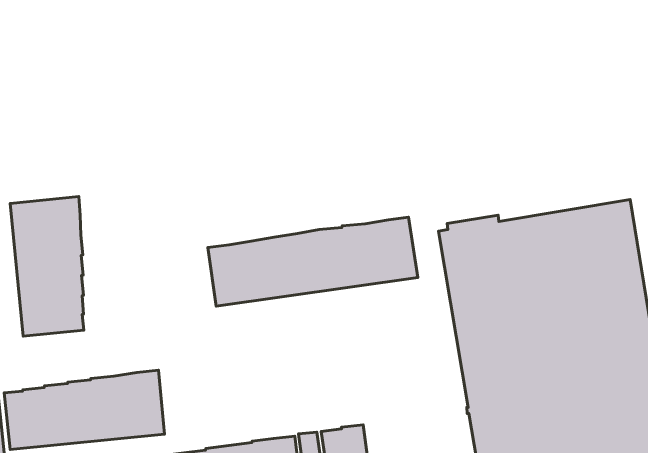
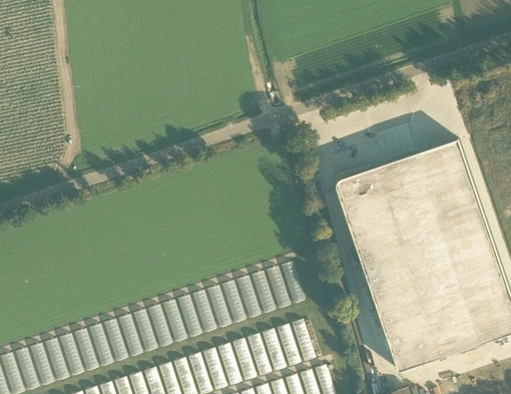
building: [10,197,84,336] -> none
building: [208,217,418,306] -> [162,261,306,341]

